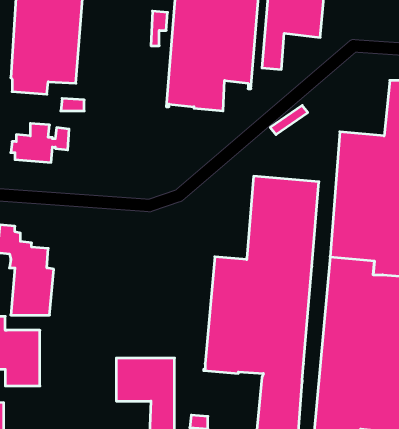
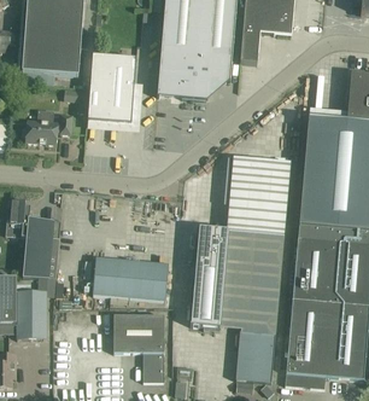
building: none -> [87,52,136,122]
building: none -> [93,256,169,300]

